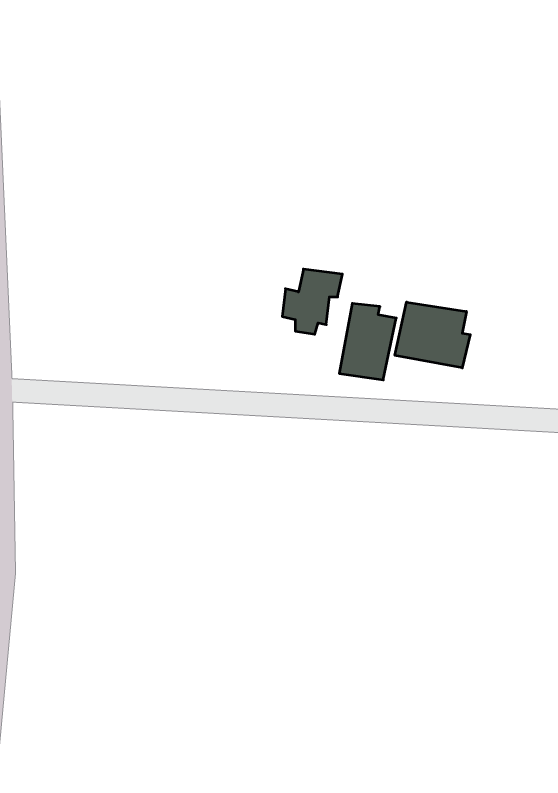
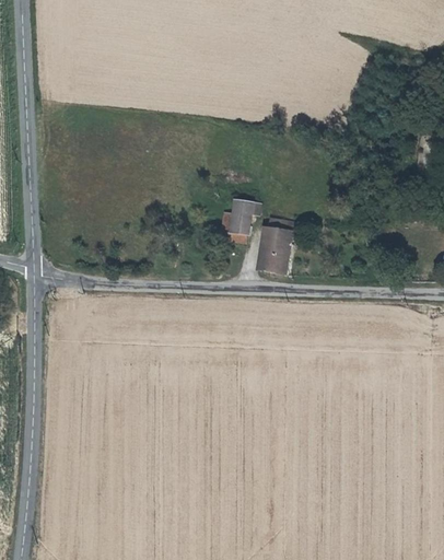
building: [395,302,470,368] -> none

